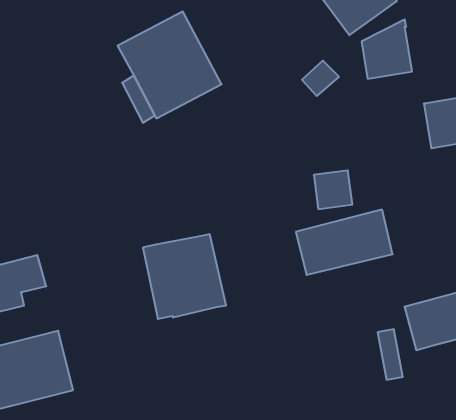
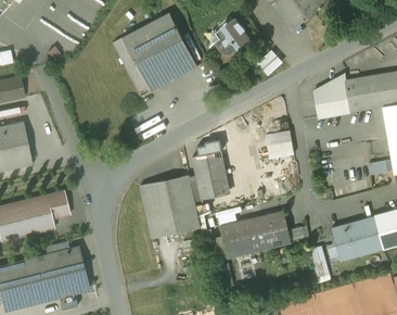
building: [362,19,412,79] -> [313,74,350,117]
building: none -> [214,18,252,54]
building: none -> [192,151,220,189]
building: [296,210,393,275] -> [221,210,292,257]

